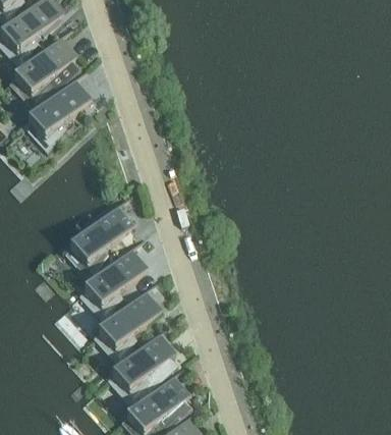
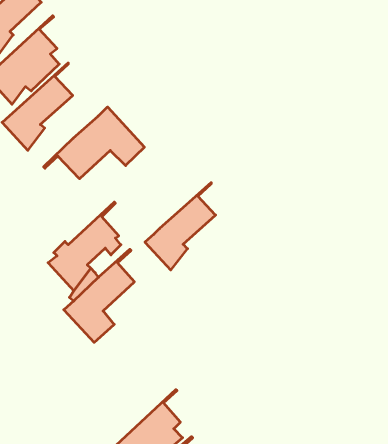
building: none -> [44,107,144,179]
building: [96,278,160,358] -> [145,183,216,270]
building: [110,321,176,400] -> none

